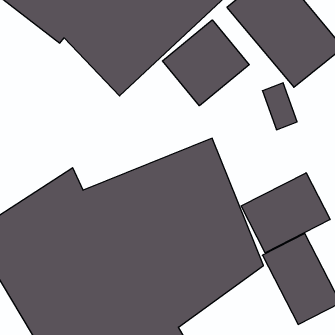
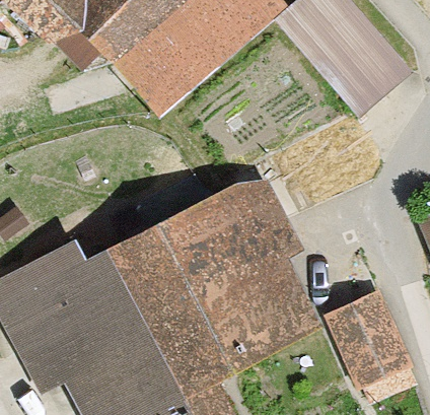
building: [162,20,249,106] -> none
building: [241,173,330,253] -> none

